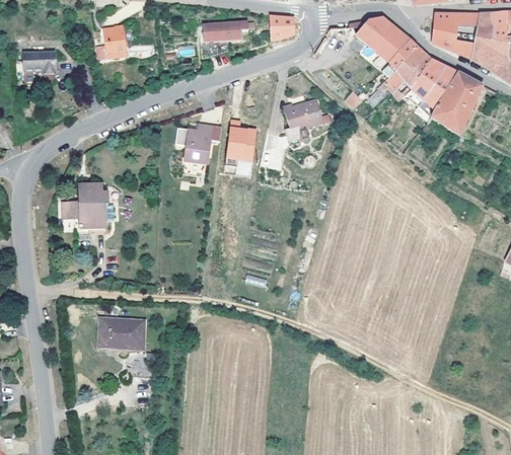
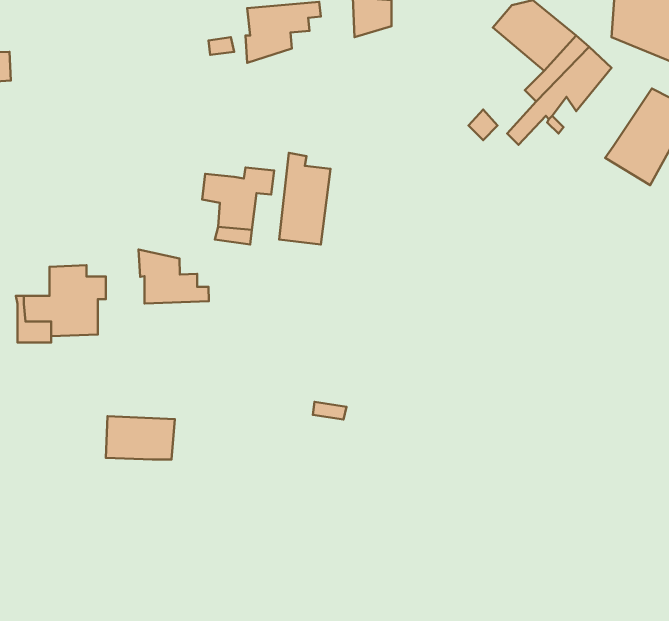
building: [95,24,128,57] -> none
building: [412,60,459,109] -> none
building: [282,97,322,140] -> none
building: none -> [138,250,209,303]
building: [99,319,143,347] -> [106,416,175,459]

